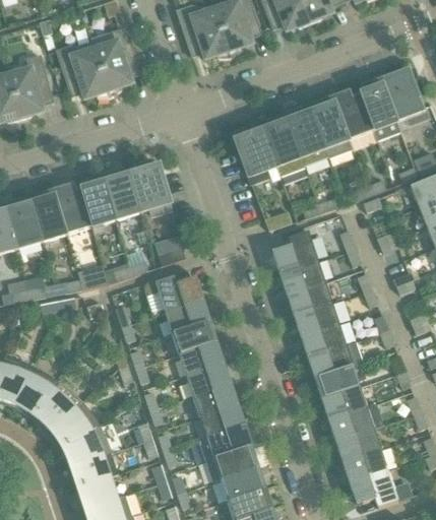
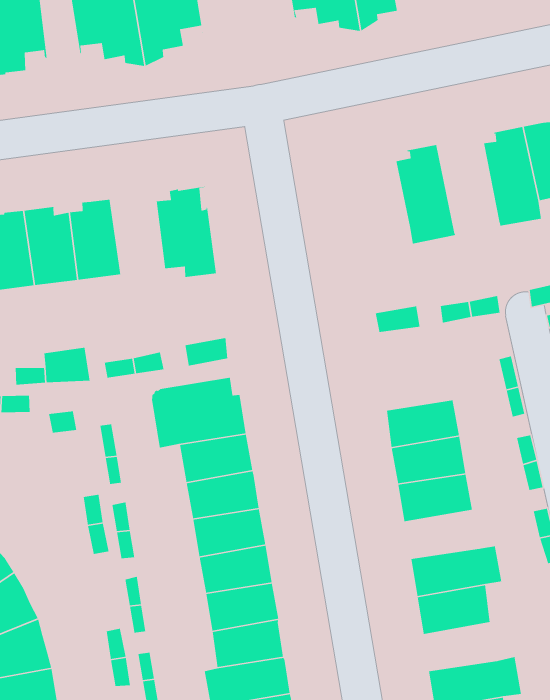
building: [285,109,327,165] -> none
building: [233,126,276,183] -> none
building: [102,172,139,219] -> none
building: [271,231,317,273] -> none
building: [300,323,346,356] -> none
building: [321,386,366,419] -> none

